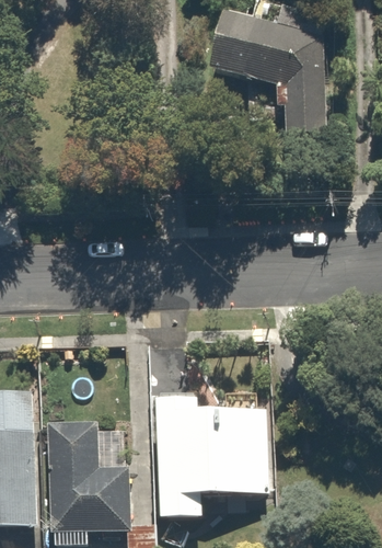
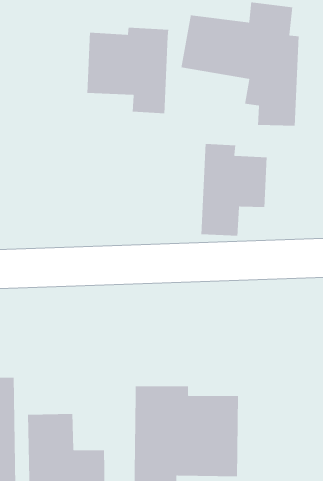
building: none -> [86,27,169,114]
building: none -> [200,143,268,237]

